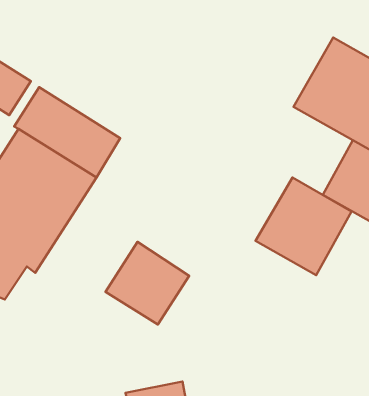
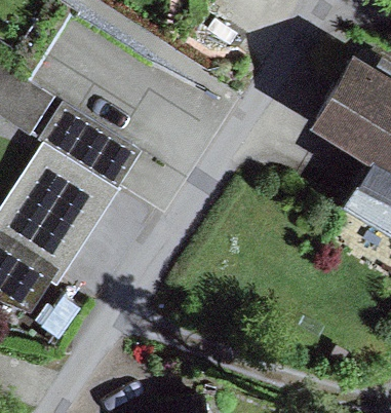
building: [255,178,352,275] -> none
building: [106,242,189,324] -> none

